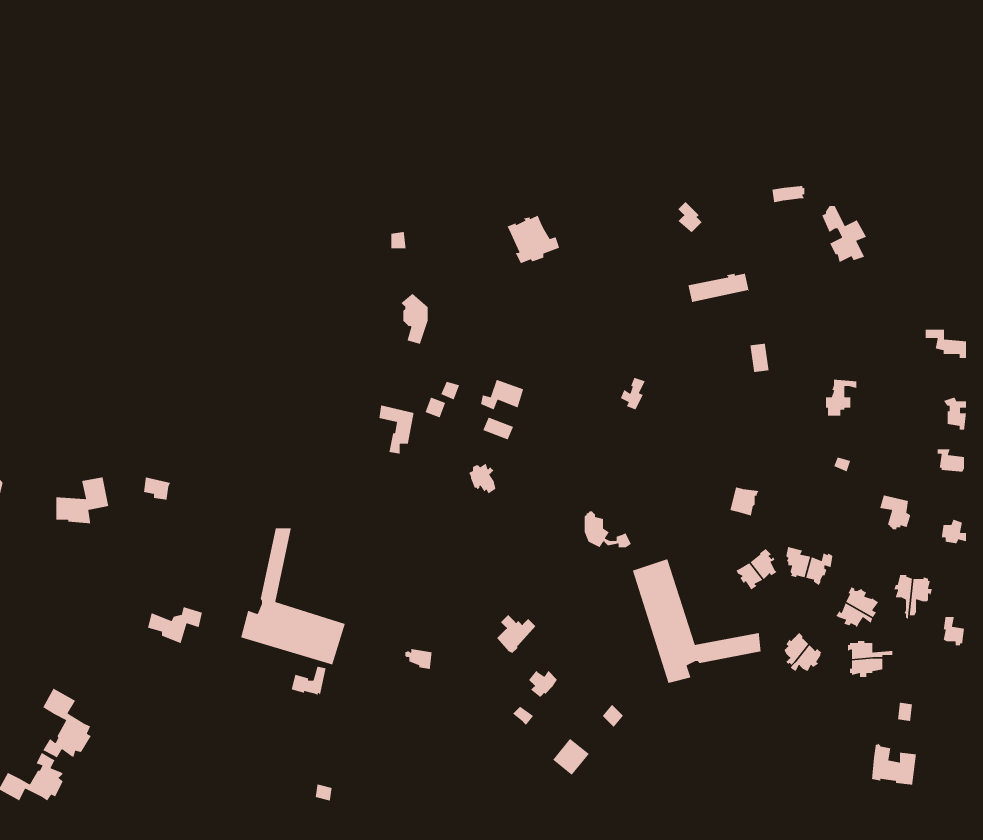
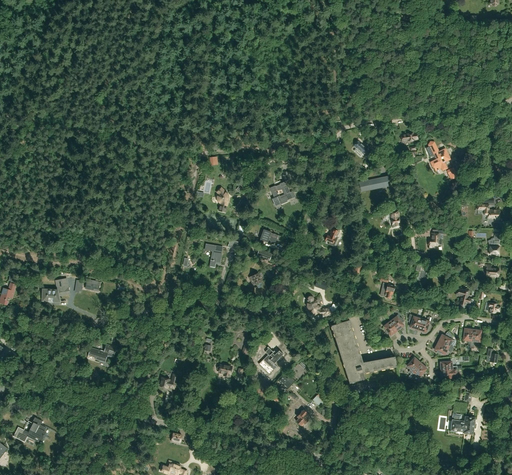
building: [506,214,560,264] -> [268,180,295,205]
building: [240,528,346,666] -> none
building: [42,688,92,759] -> none

